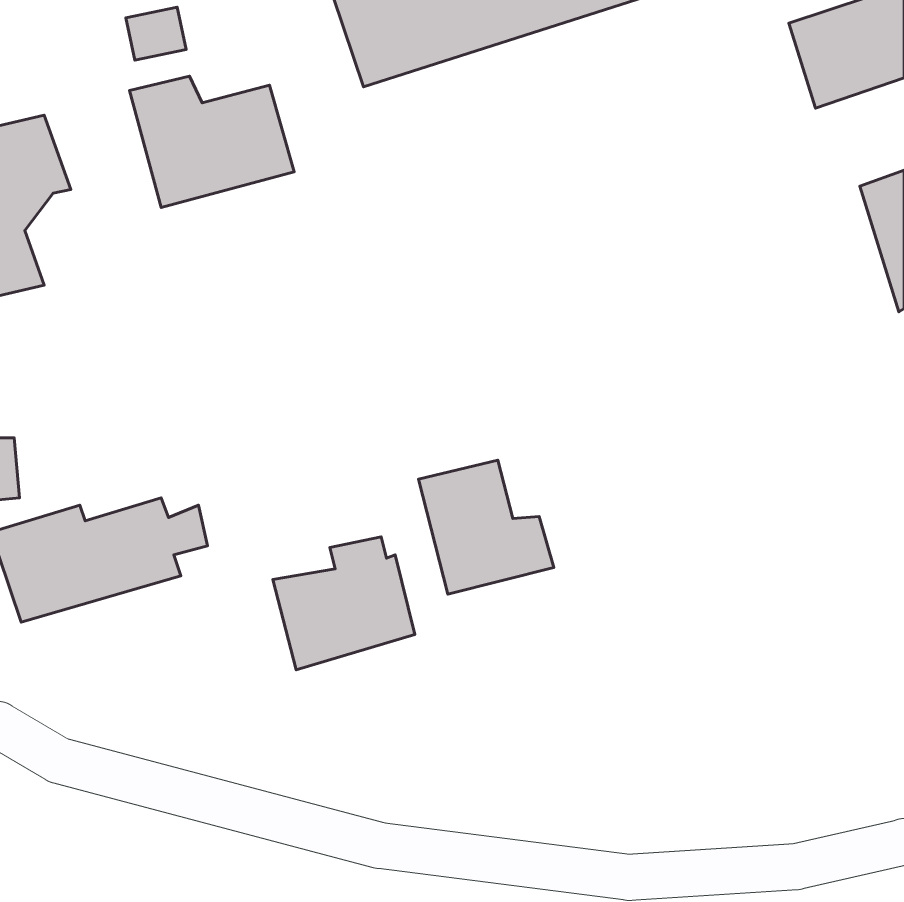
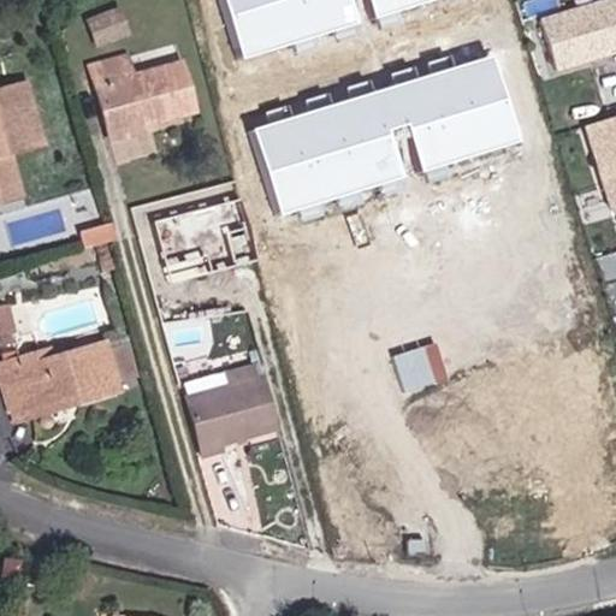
building: none -> [257,54,520,215]
building: [418,460,554,594] -> none

